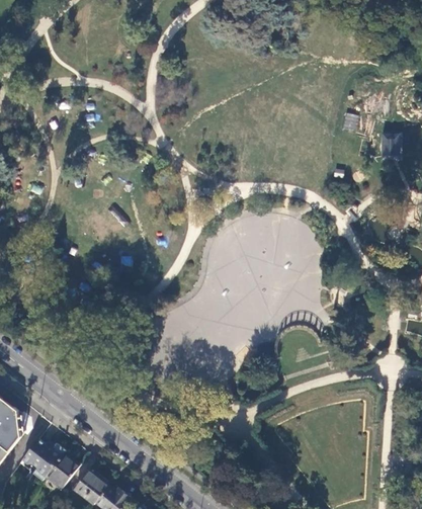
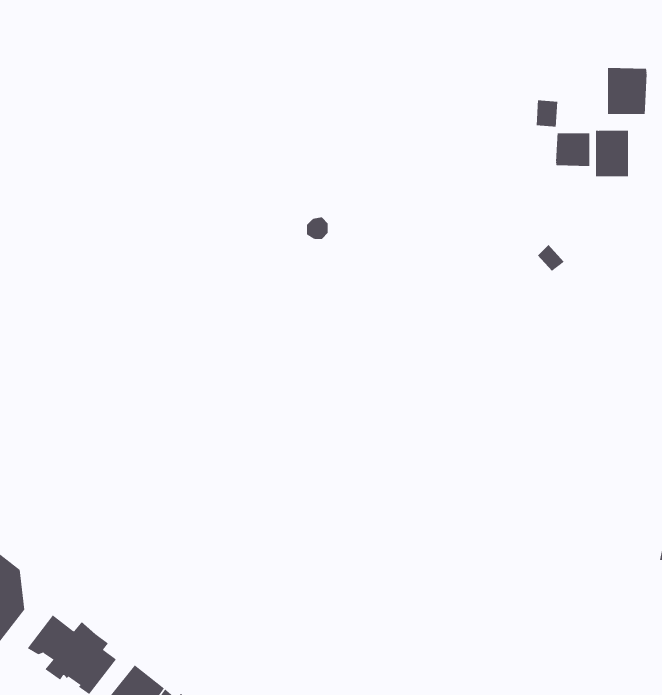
building: none -> [608,67,647,115]
building: none -> [556,132,590,167]

